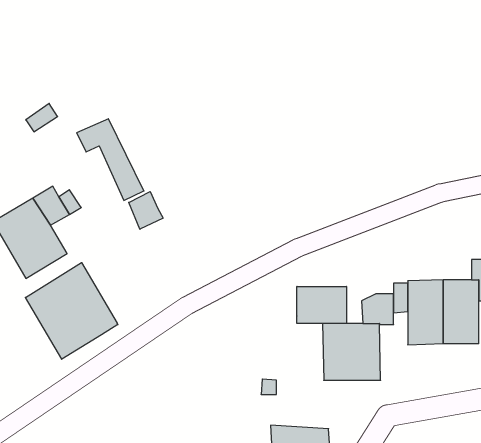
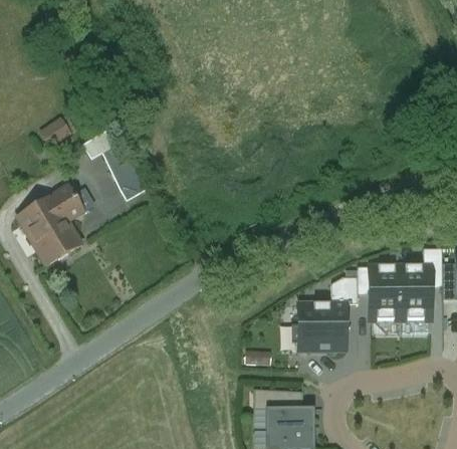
building: [129,192,163,229] -> none
building: [25,263,118,359] -> none
building: [297,286,346,323] -> none

